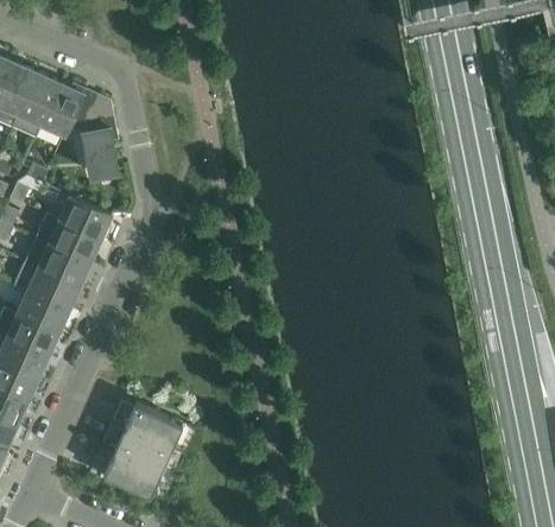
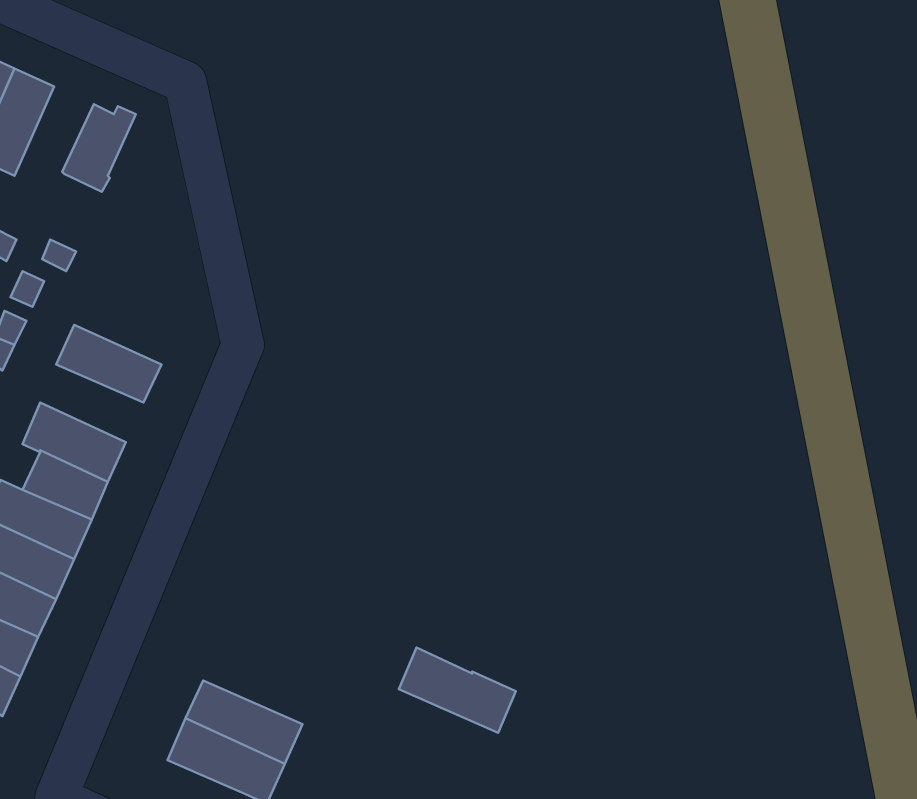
building: [11,74,58,139] -> none
building: [67,90,118,177] -> none
building: [57,197,109,240] -> none
building: [26,240,88,286] -> none
building: [124,404,194,455] -> [399,648,516,733]

